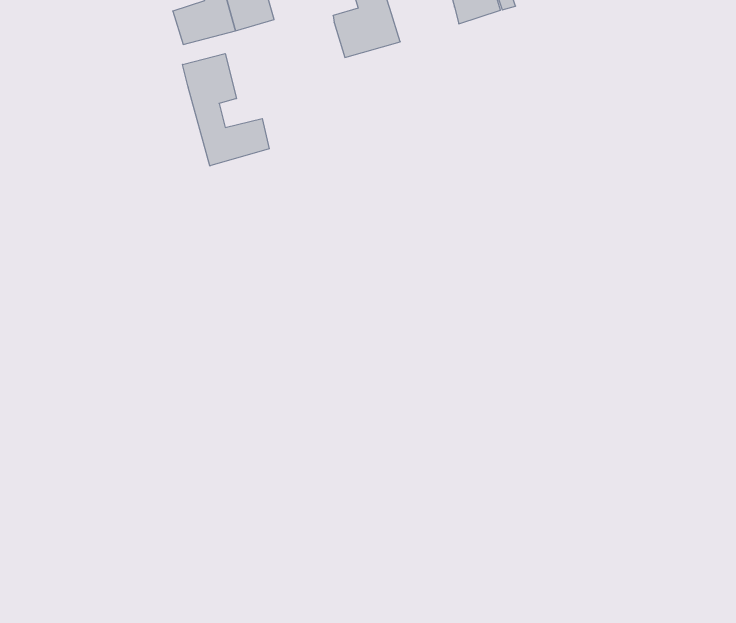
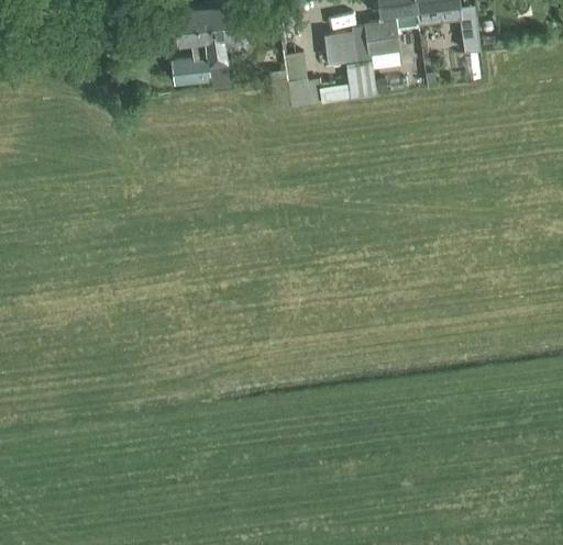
building: [183,54,269,166] -> none

